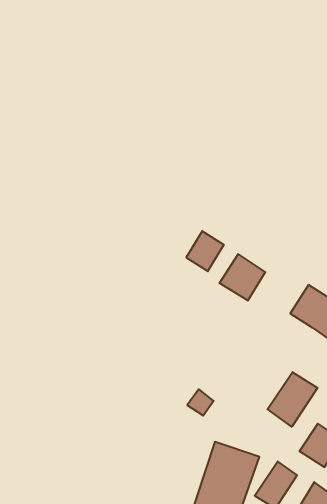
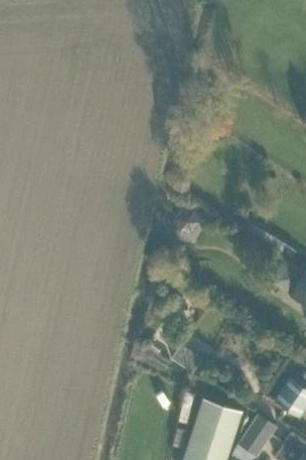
building: [220,254,265,301] -> none
building: [267,372,318,427] -> none

